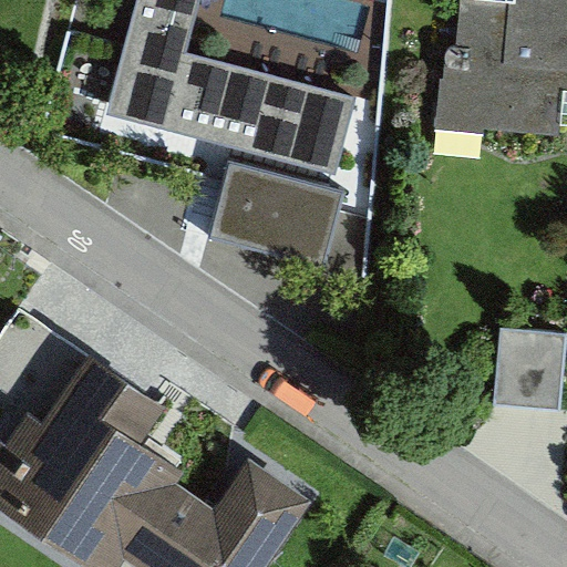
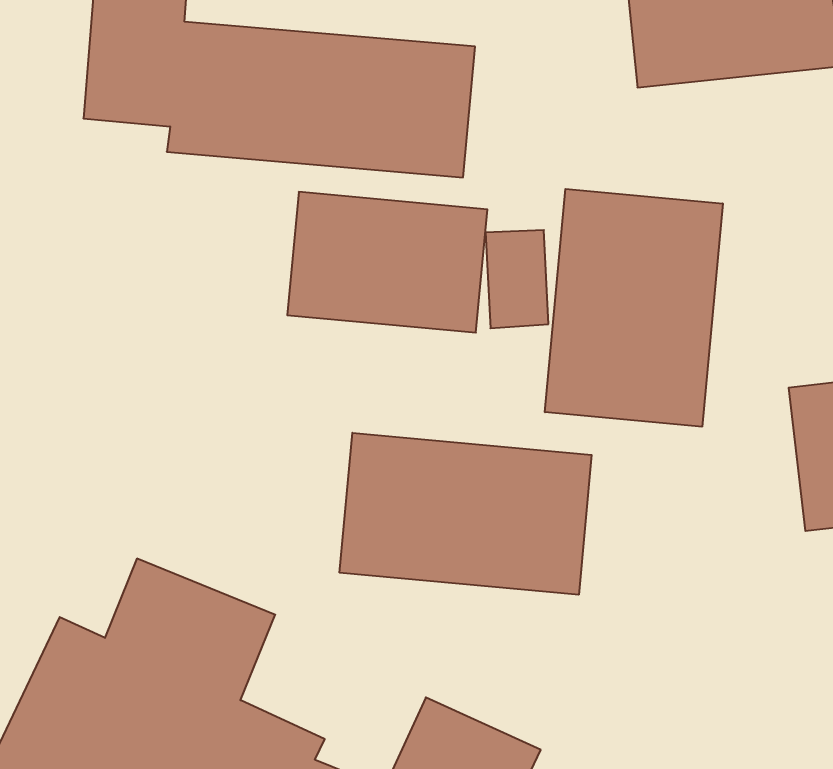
building: none -> [545,189,723,427]
building: none -> [340,433,592,595]

